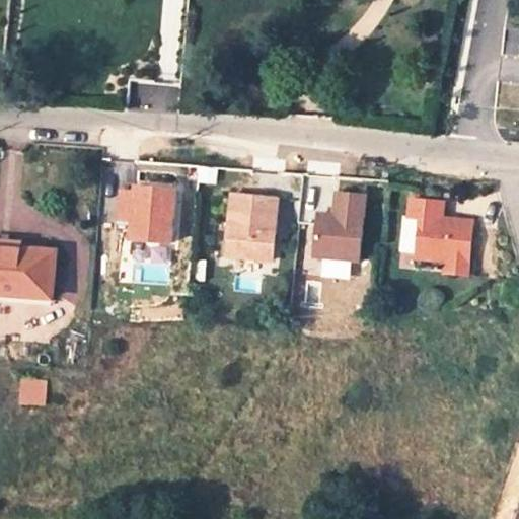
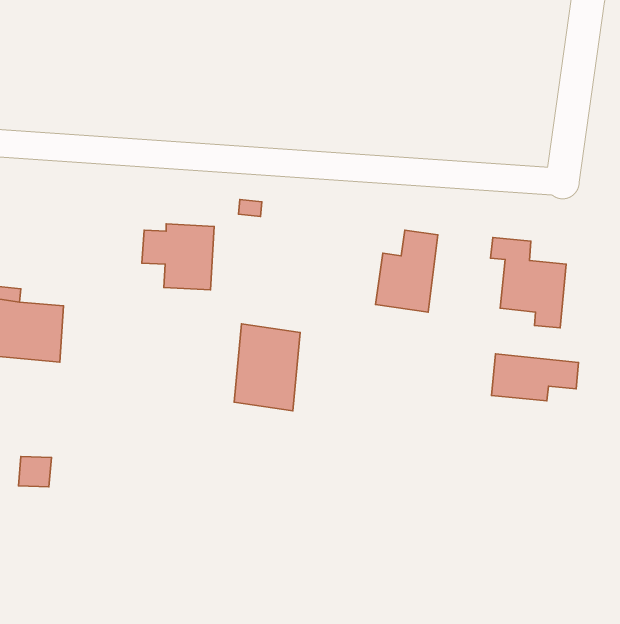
building: [224,193,279,265] -> [234,324,300,411]
building: none -> [491,354,578,401]

